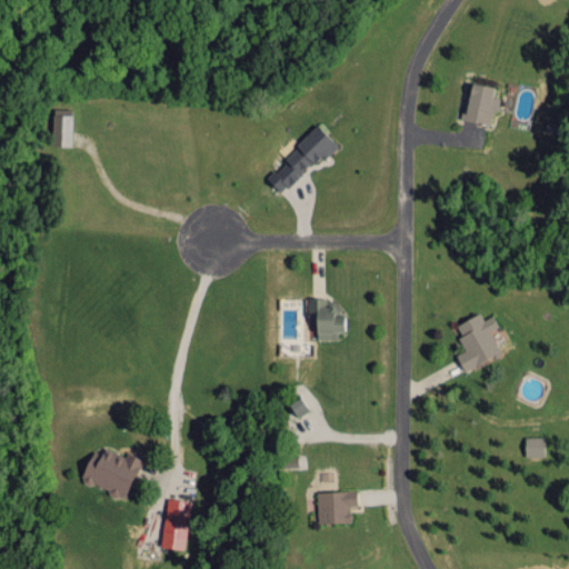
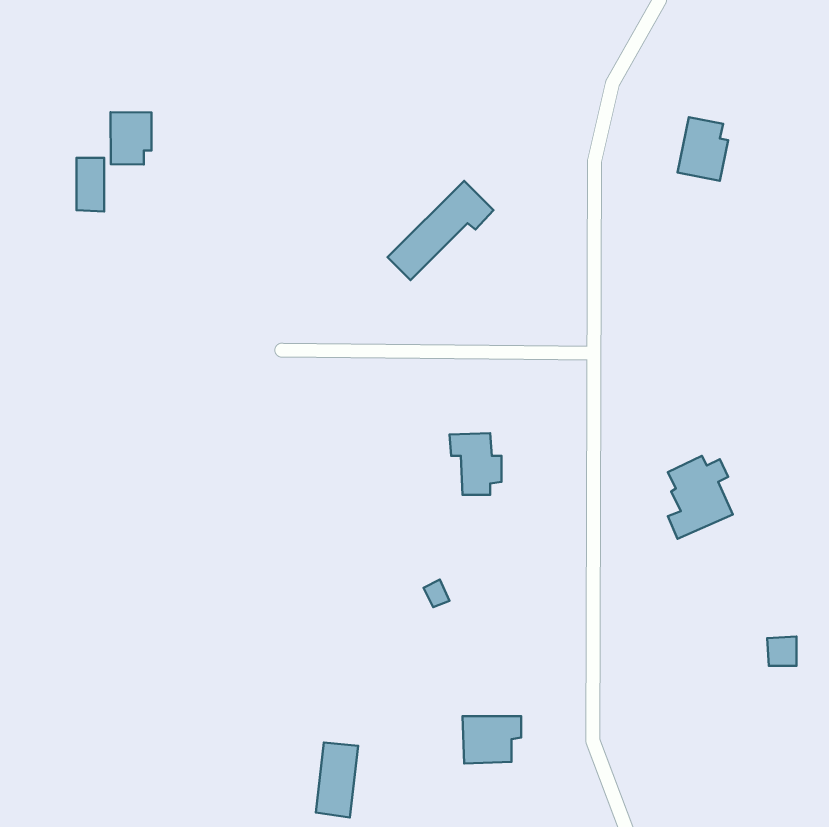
building: none -> [111,112,152,164]
building: [82,451,141,499] -> none
building: [162,500,191,551] -> [316,743,358,817]

